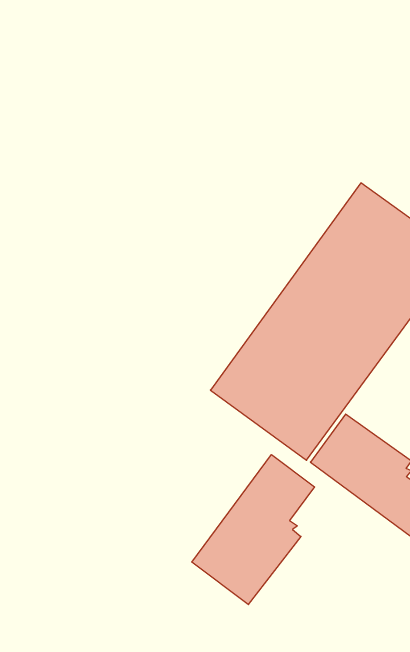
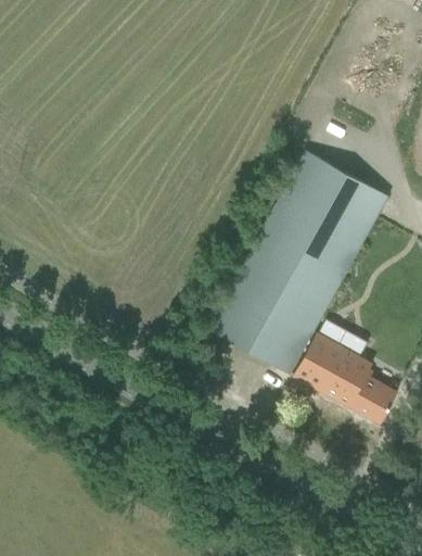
building: [192,455,315,605] -> none

